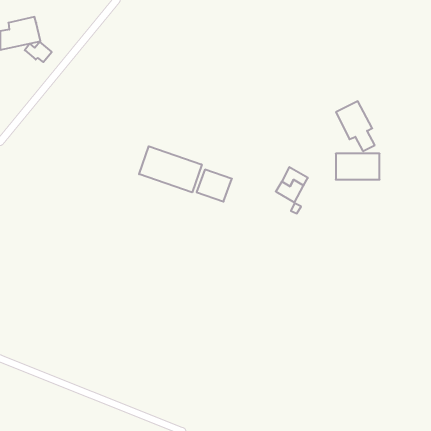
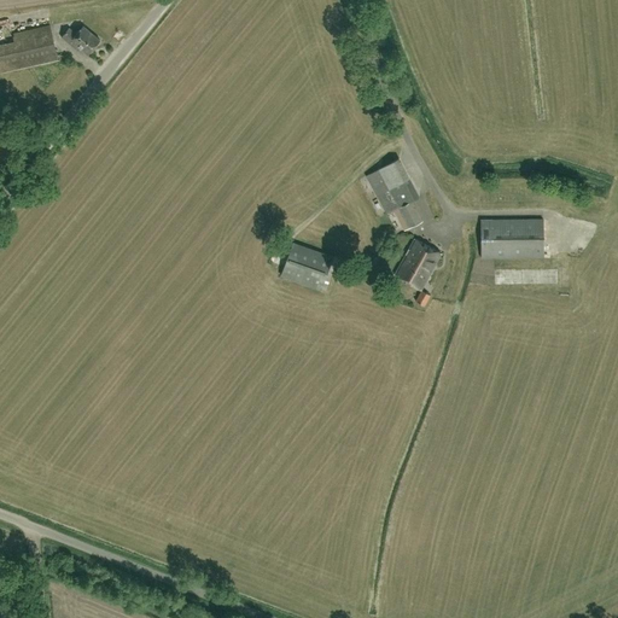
building: [25,42,52,62] -> [62,25,100,54]
building: [336,101,375,151] -> [367,158,422,229]
building: [139,146,202,192] -> none

